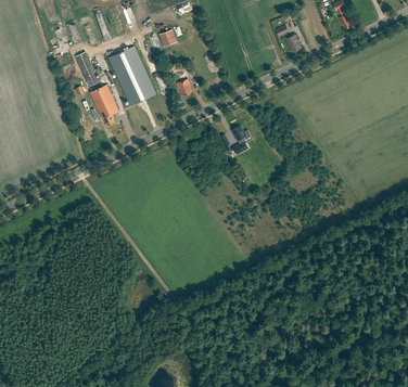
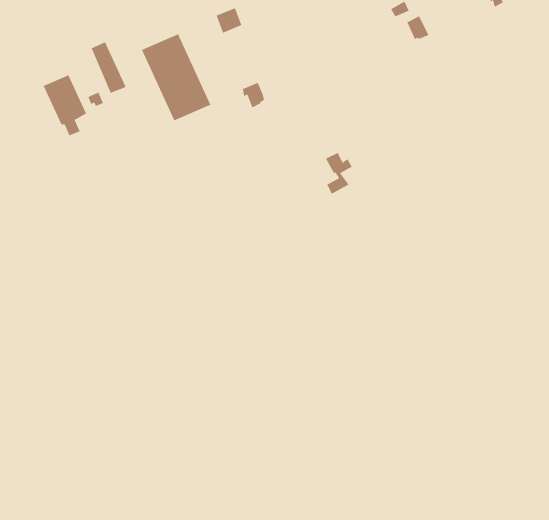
building: [90,85,119,126] -> [43,75,87,136]

